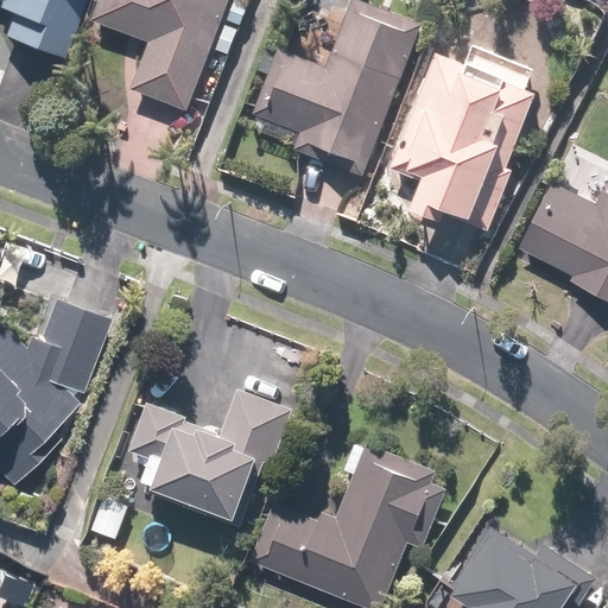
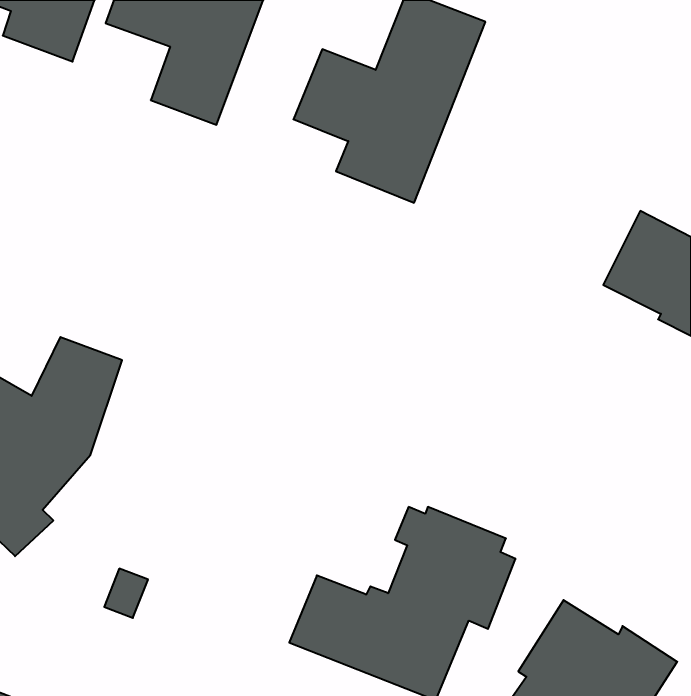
building: [387,48,544,235] -> none
building: [132,387,294,515] -> none

